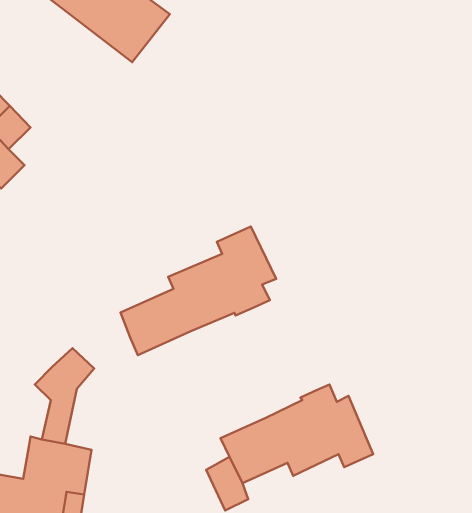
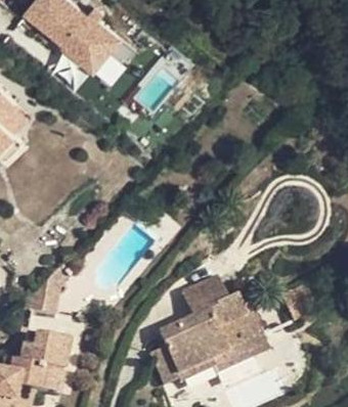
building: [121,227,276,355] -> none
building: none -> [181,281,227,323]

